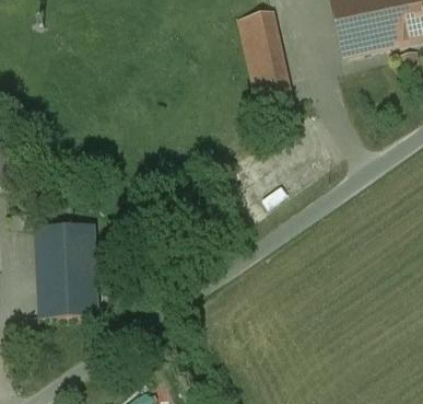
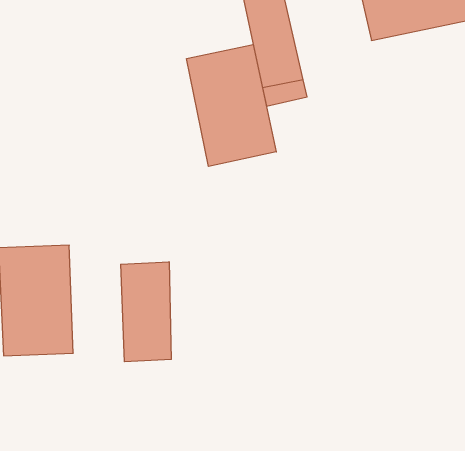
building: none -> [187,44,276,166]
building: none -> [121,262,171,362]

